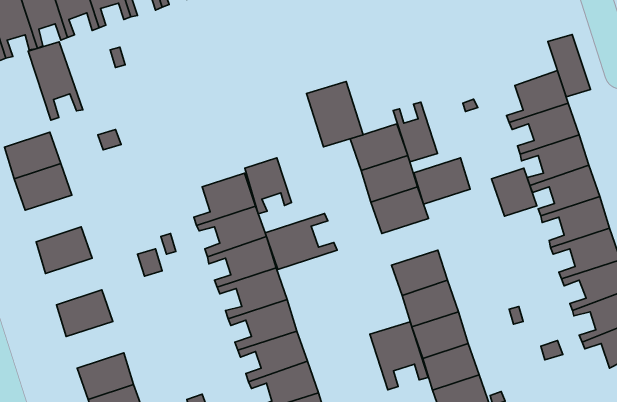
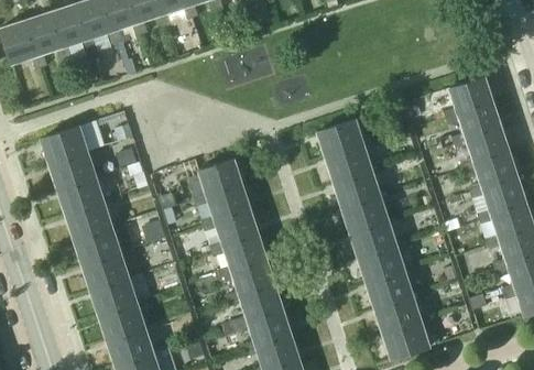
building: [548,34,590,97] -> none
building: [28,42,83,120] -> none
building: [306,81,363,147] -> none
building: [393,102,437,162] -> none
building: [414,158,470,204] -> [342,195,388,232]
building: [245,158,291,214] -> none
building: [491,168,537,216] -> none
building: none -> [56,176,101,214]
building: [265,213,337,269] -> none
building: none -> [73,227,118,264]
building: none -> [89,278,135,315]
building: [370,322,428,390] -> none

